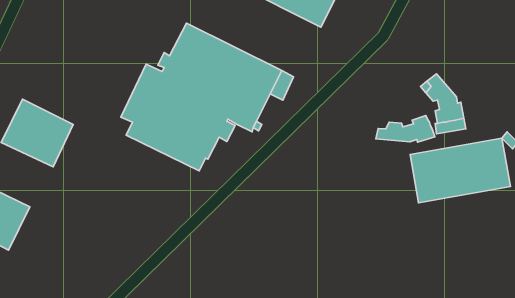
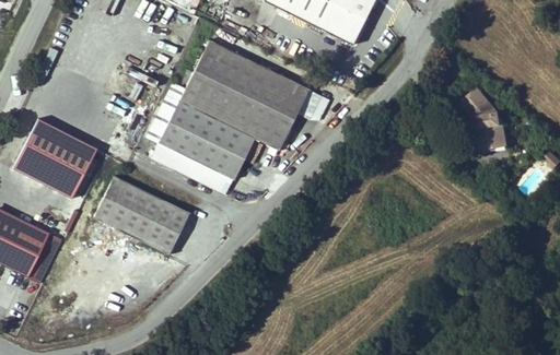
building: [376,116,435,142] -> none
building: [410,138,510,203] -> none
building: none -> [93,178,188,257]

